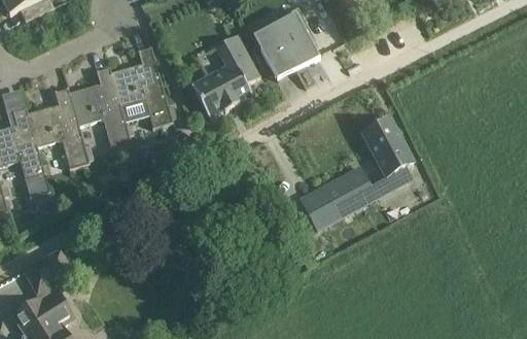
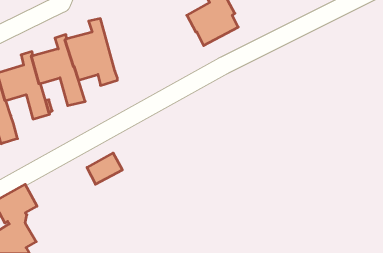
building: [191,33,259,116] -> none
building: [300,117,413,229] -> none

